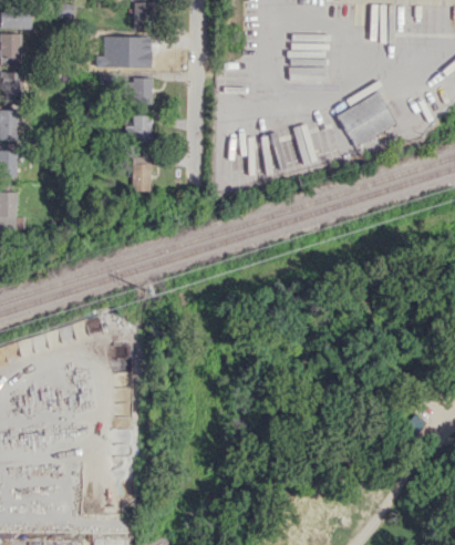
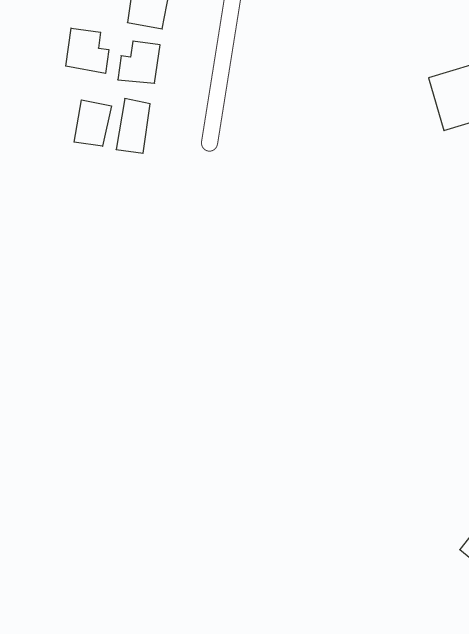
building: none -> [66,28,109,73]
building: none -> [74,100,111,146]

